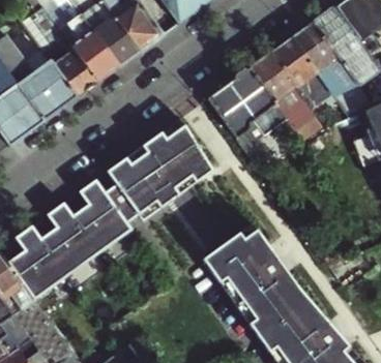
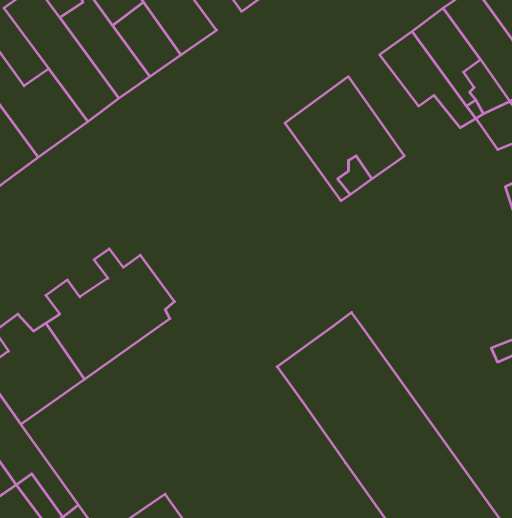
building: [251,52,325,142] -> none
building: [102,119,213,219] -> none

